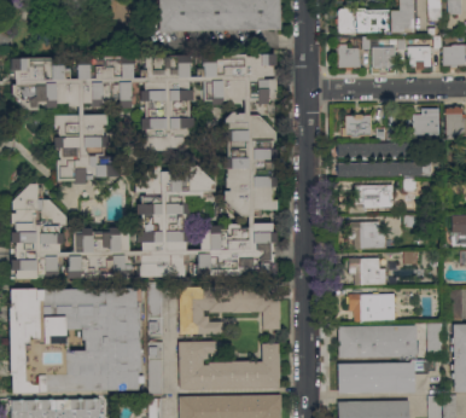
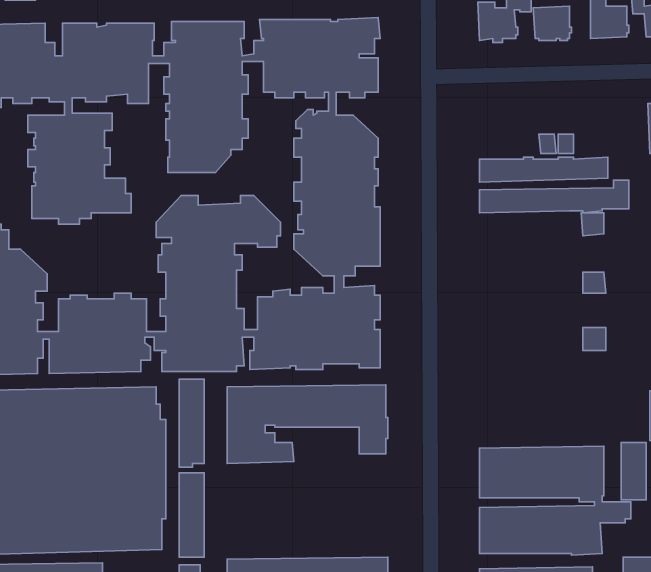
building: [342,114,372,135] -> none
building: [413,114,439,134] -> none
building: [349,184,396,213] -> none
building: [349,220,386,249] -> none
building: [349,256,392,285] -> none
building: [349,292,395,321] -> none
building: [179,341,279,388] -> none

